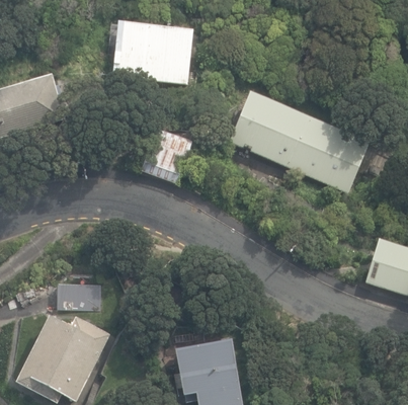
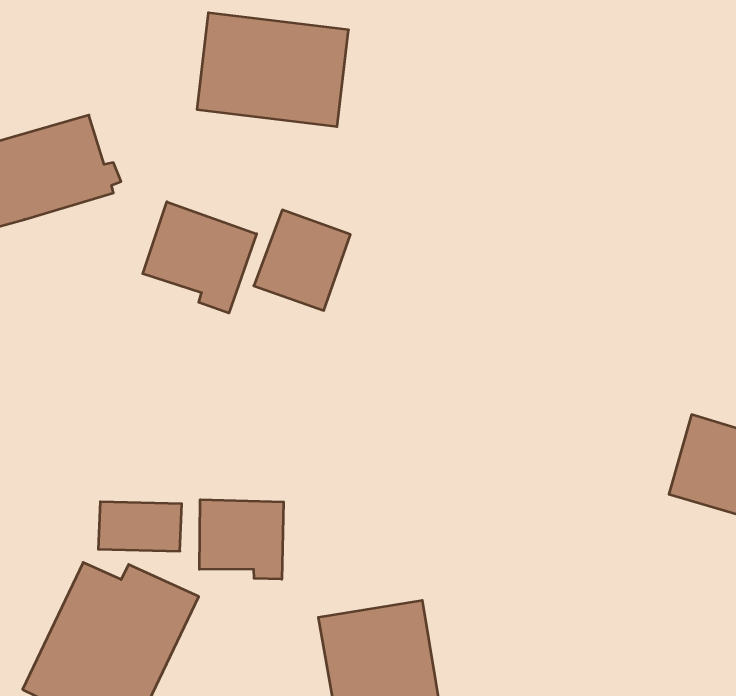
building: [229,90,370,190] -> none
building: none -> [143,202,257,313]
building: none -> [199,500,284,579]

